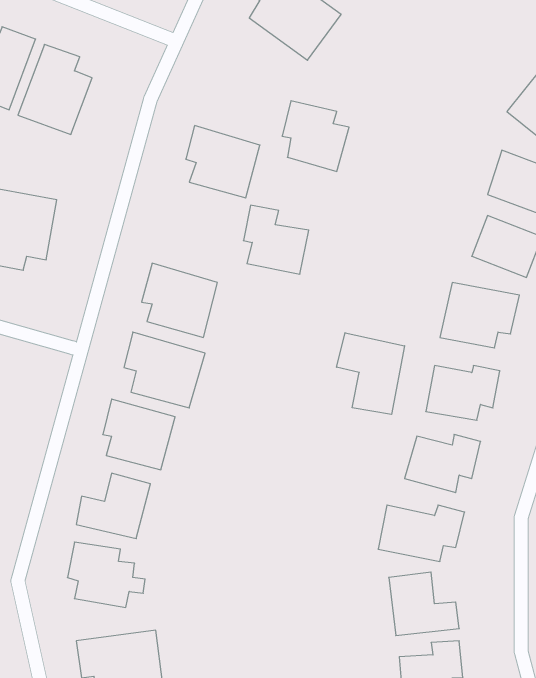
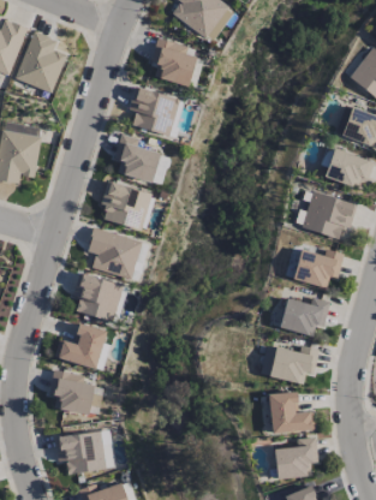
building: [282,101,349,171] -> [151,38,197,87]
building: [243,205,309,274] -> [115,135,160,181]
building: [337,333,405,414] -> none

